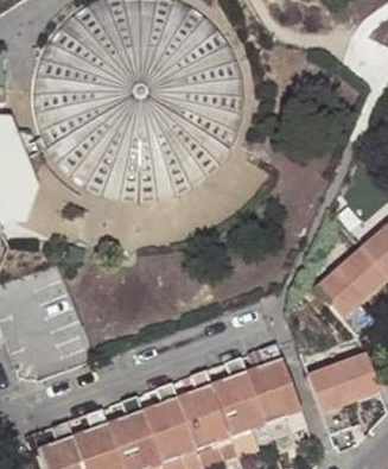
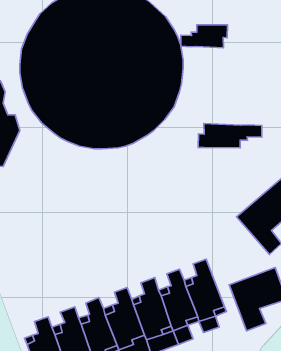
building: none -> [181,25,228,48]
building: none -> [198,124,262,148]

